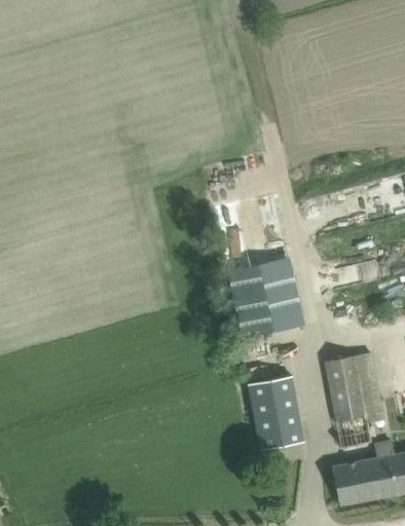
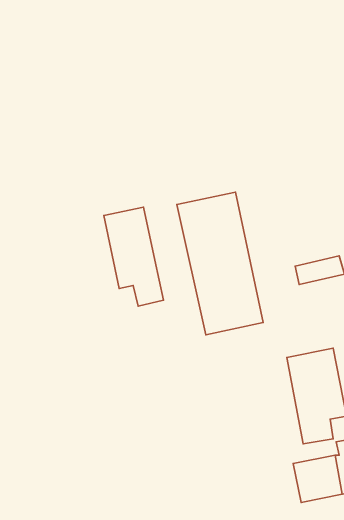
building: none -> [104,207,163,306]
building: [248,376,303,450] -> none

